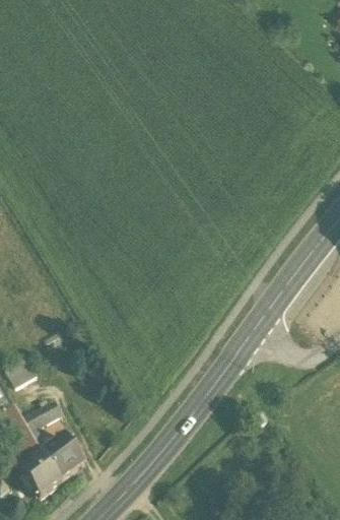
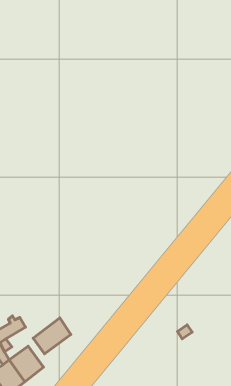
building: none -> [33,318,71,354]

